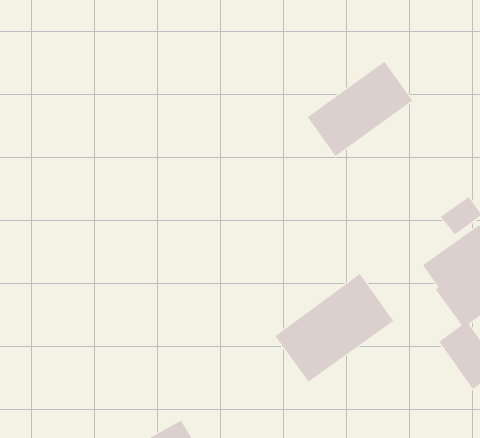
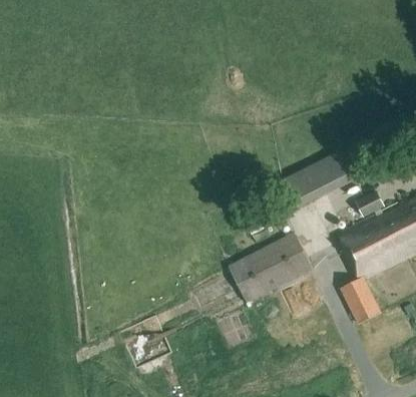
building: [307,61,413,157] -> [283,150,357,211]

